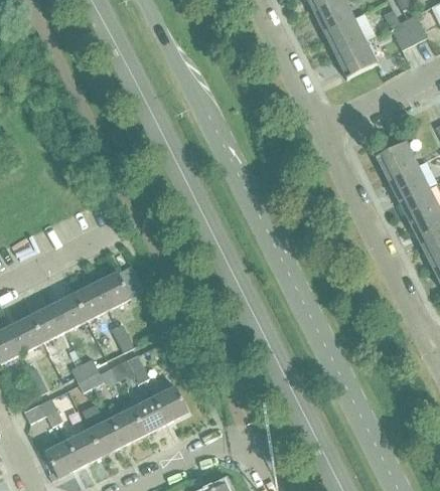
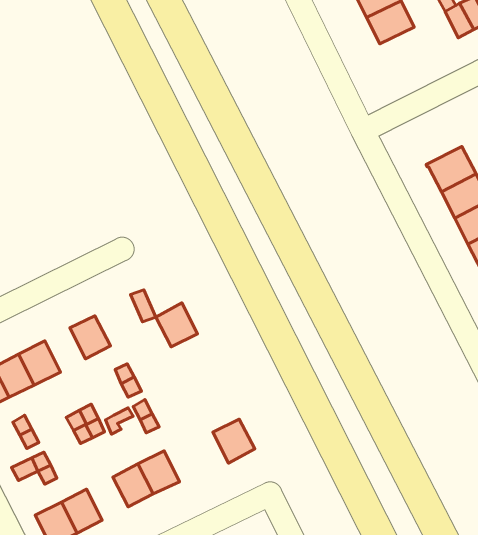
building: [335,40,377,78] -> none
building: [95,272,130,309] -> [156,303,197,347]
building: [52,294,87,331] -> none
building: [153,386,188,424] -> [213,419,255,463]
building: [88,420,123,456] -> none

